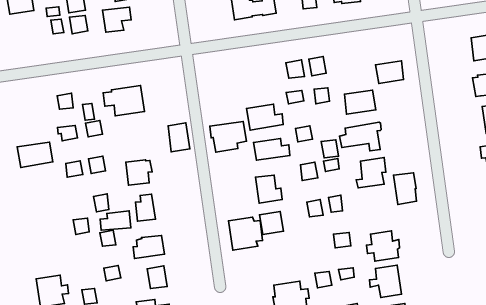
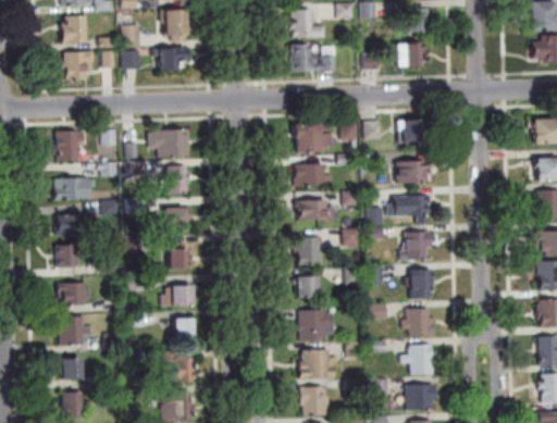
building: none -> [65,52,94,79]
building: [376,61,404,83] -> [398,120,425,140]
building: none -> [53,132,84,161]
building: [210,121,246,152] -> [294,124,330,152]
building: [168,123,190,152] -> [168,165,187,194]
building: [394,173,417,204] -> [410,270,432,300]
building: none -> [58,215,86,235]
building: none -> [57,245,82,268]
building: [100,211,131,230] -> none
building: [229,217,263,250] -> [299,309,332,340]
building: none -> [59,283,90,304]

